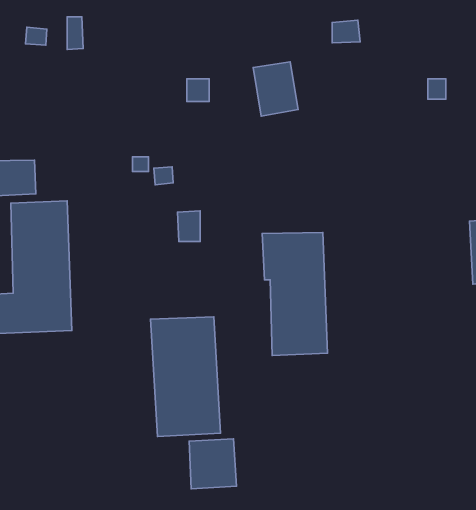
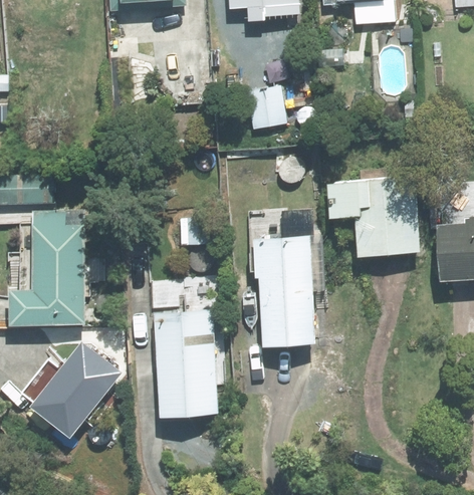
building: none -> [327,180,419,256]
building: none -> [31,341,122,439]
building: [189,439,236,489] -> none

